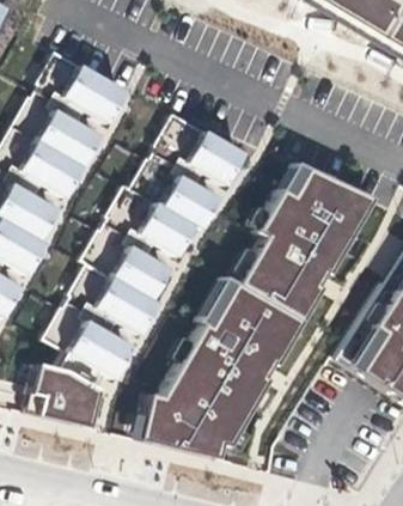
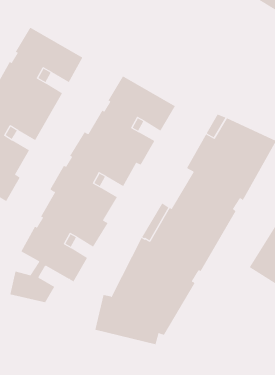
building: [30,358,111,427] -> none

